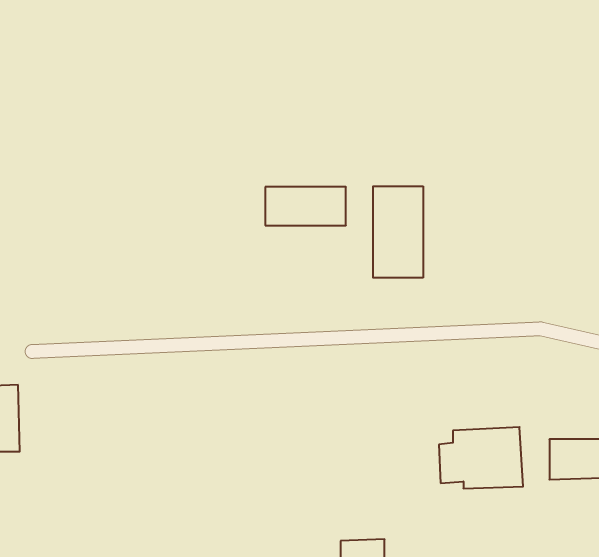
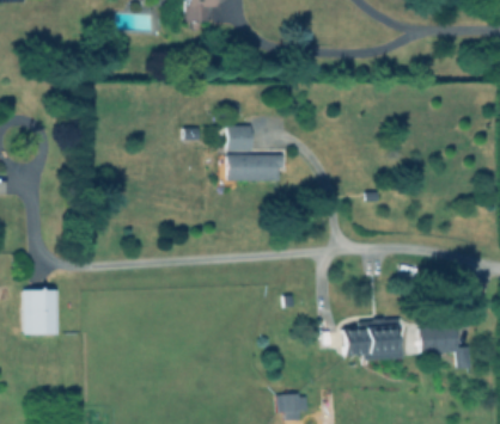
building: none -> [228,125,254,150]
building: [373,186,423,278] -> none

